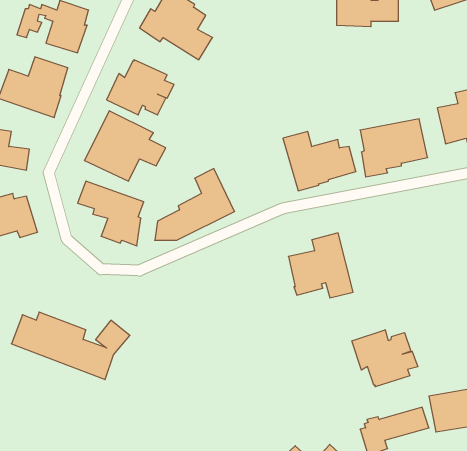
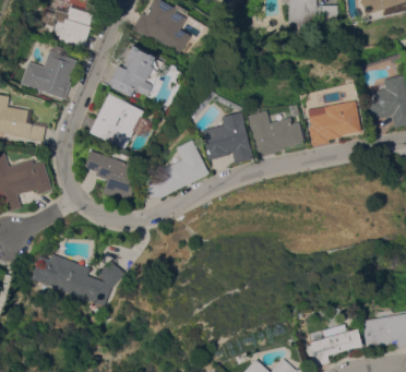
building: [288,233,353,298] -> [201,111,252,163]
building: [352,330,418,387] -> none

